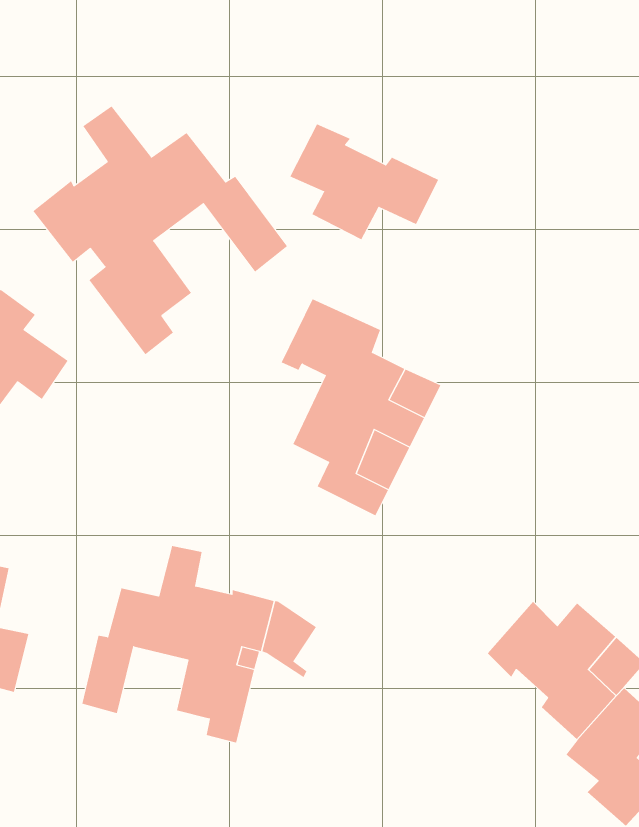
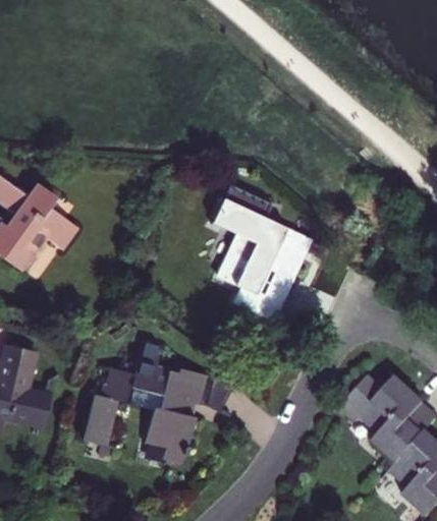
building: [33,105,288,355] -> none
building: [290,124,439,240] -> none

